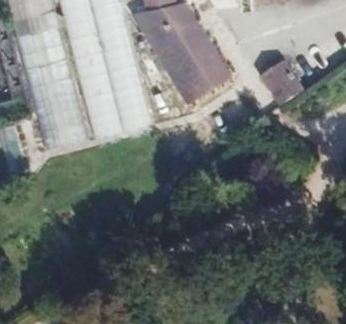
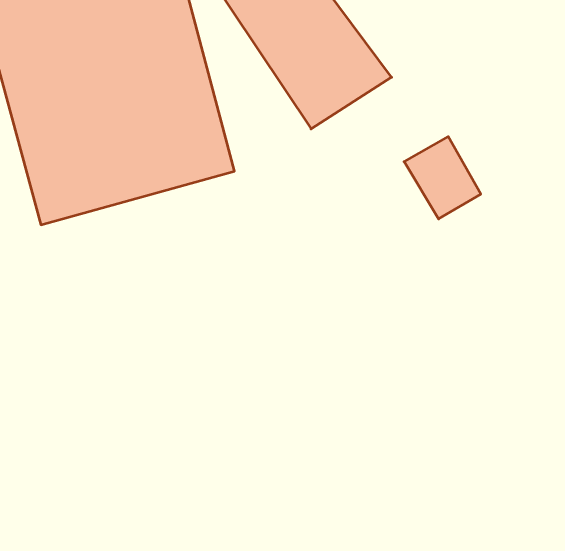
building: [265,61,306,104] -> [404,137,481,219]

